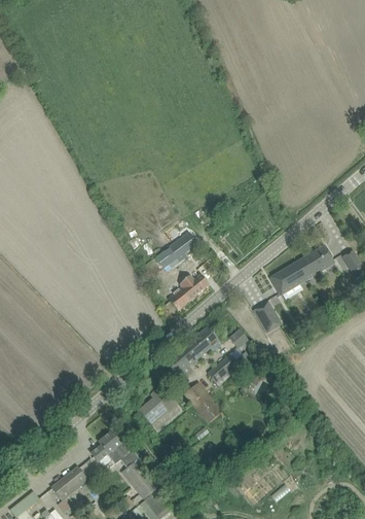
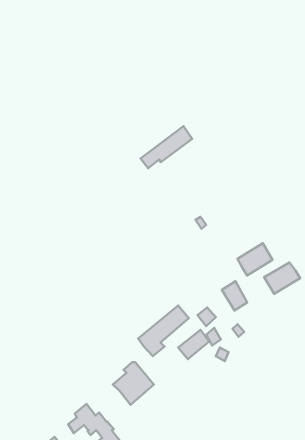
building: [143,232,197,276] -> [141,126,192,168]
building: [296,245,334,278] -> [264,263,300,294]
building: [167,273,209,310] -> none
building: [183,381,222,423] -> none

